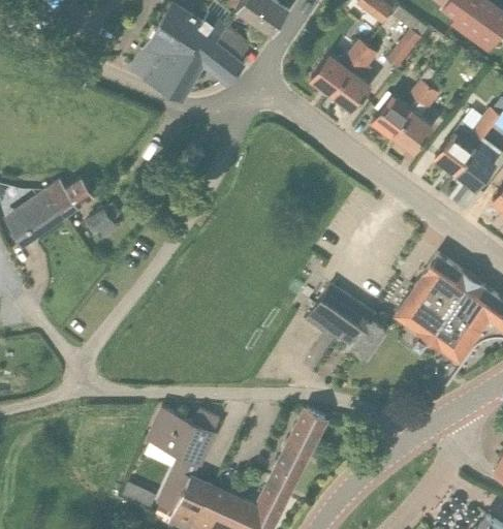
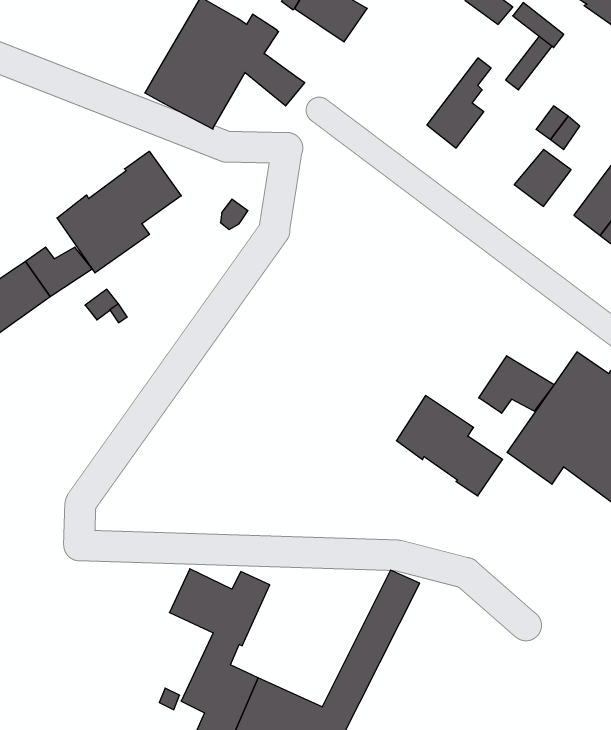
building: [215,28,249,60] -> none
building: [311,40,367,94] -> none
building: [372,95,413,136] -> none
building: none -> [57,151,181,273]
building: none -> [479,356,554,413]

